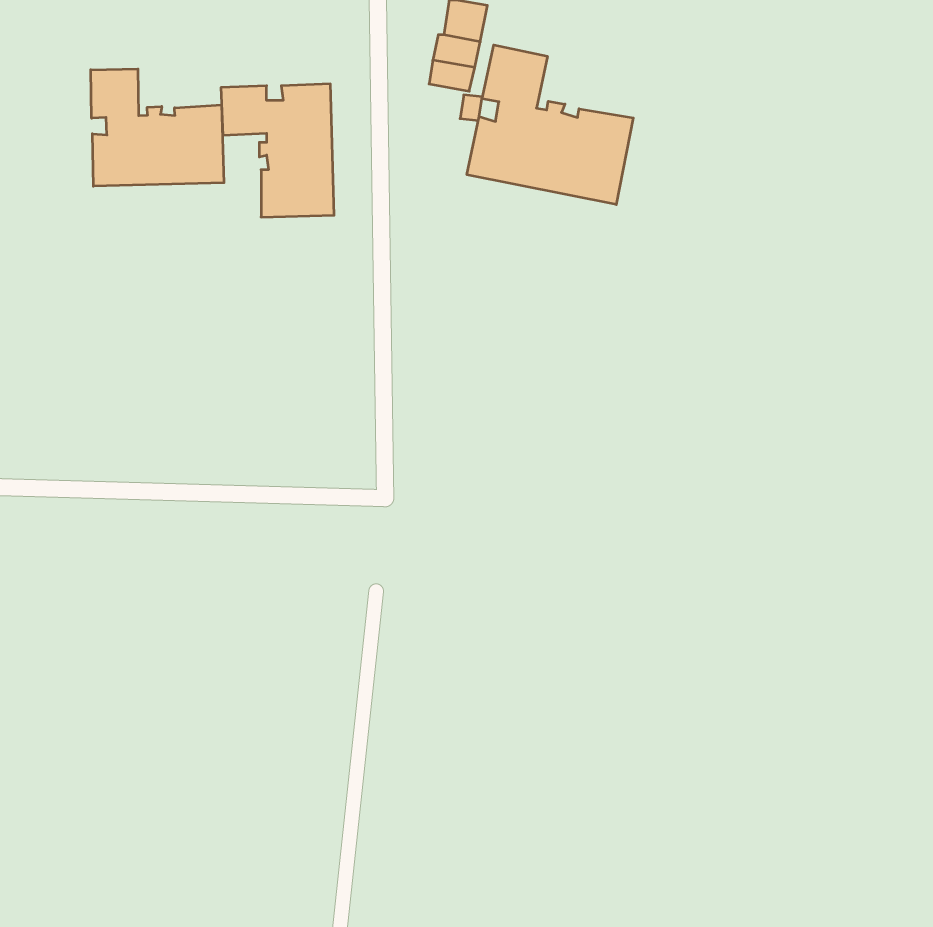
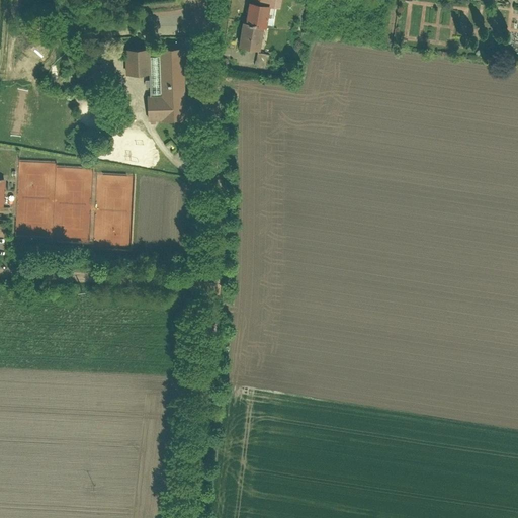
building: [467,45,633,205] -> none
building: [91,69,224,186] -> none

